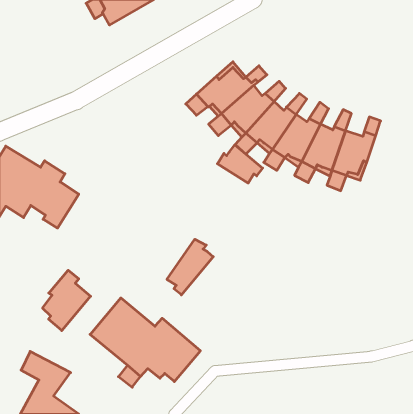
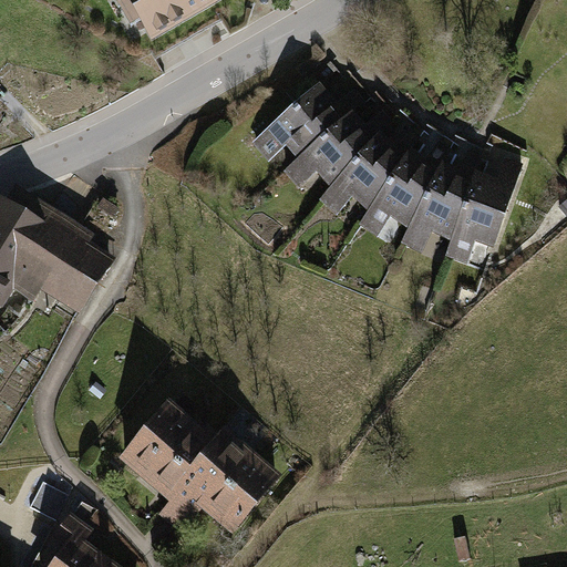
building: [217,145,263,183] -> none
building: [167,239,213,295] -> none
building: [43,270,91,331] -> none

